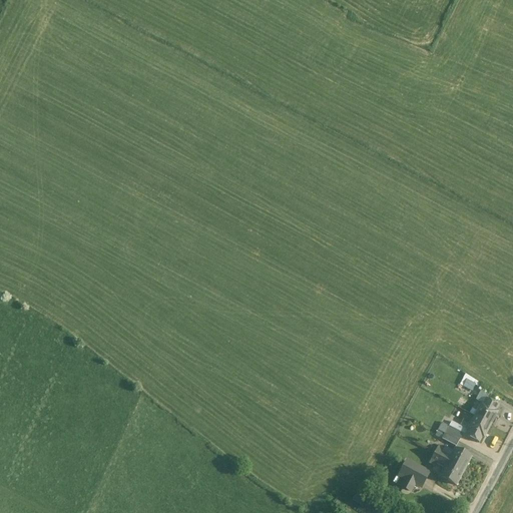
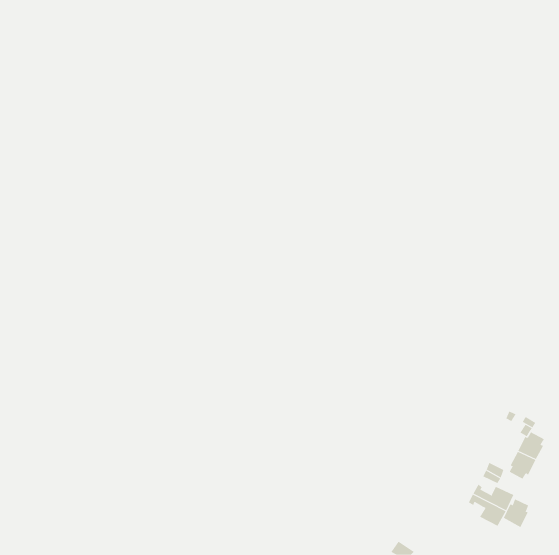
building: none -> [503,499,529,528]
building: [399,459,429,489] -> none

